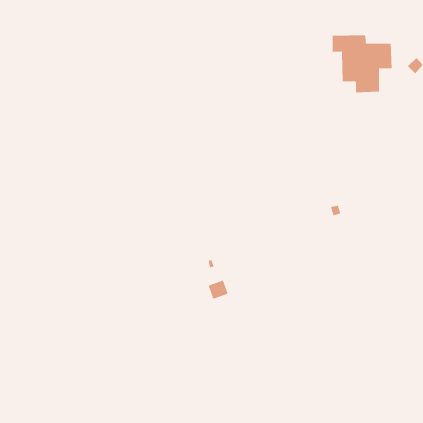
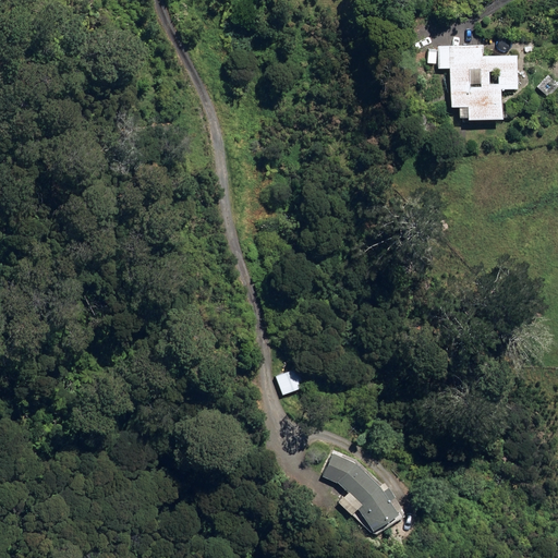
building: none -> [323,451,401,529]

